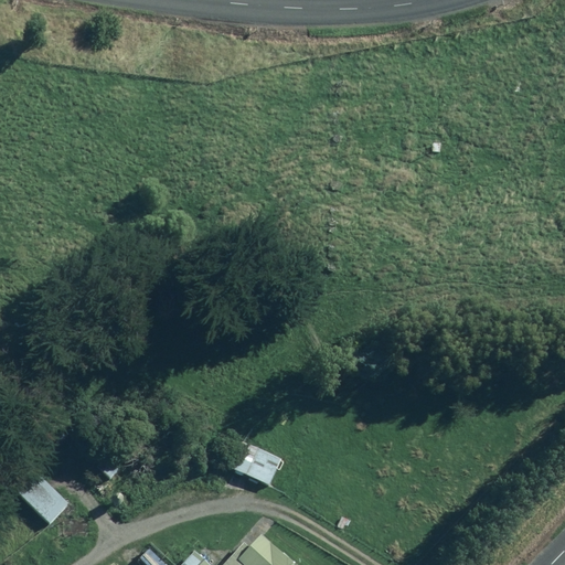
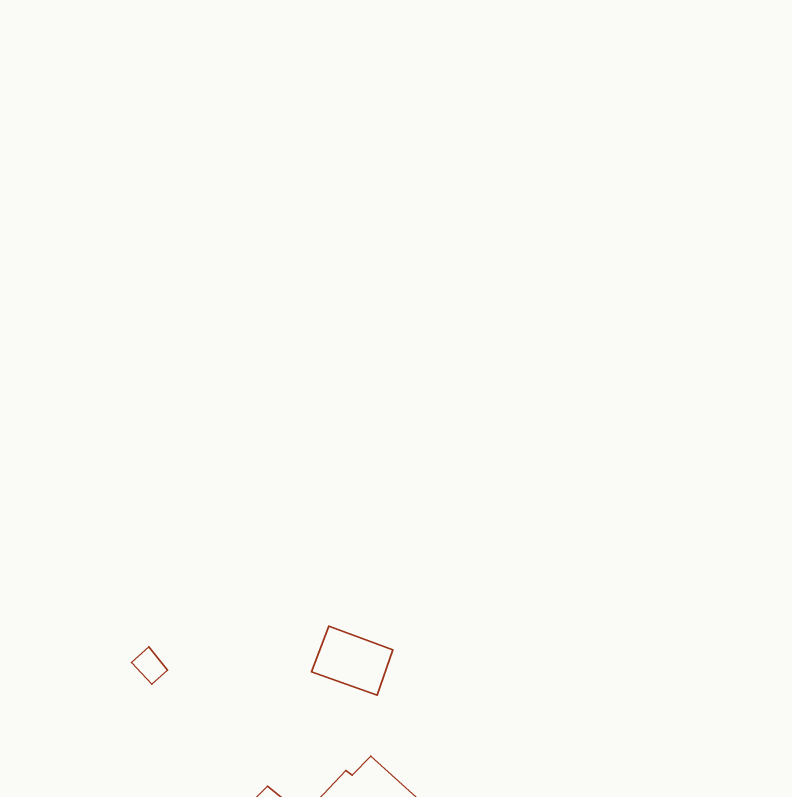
building: [17,470,72,527] -> none

